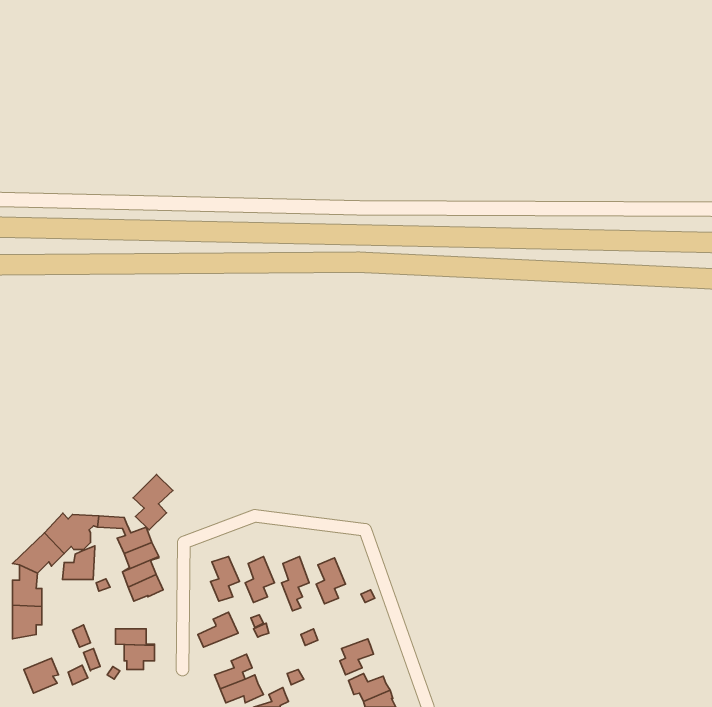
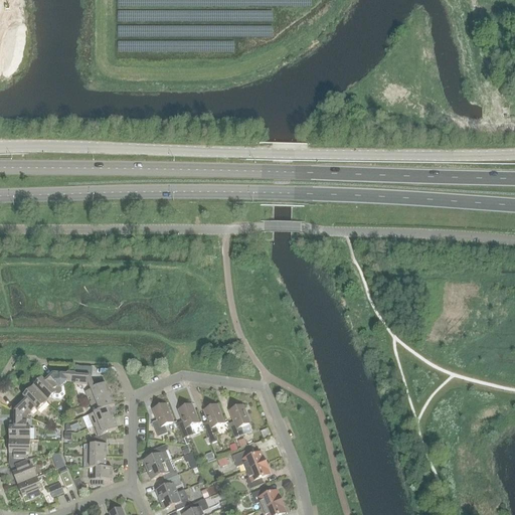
building: [133,474,173,530] -> none
building: [63,546,95,579] -> [83,430,107,454]
building: none -> [232,448,266,468]
building: none -> [147,457,178,477]
building: none -> [9,458,37,483]

